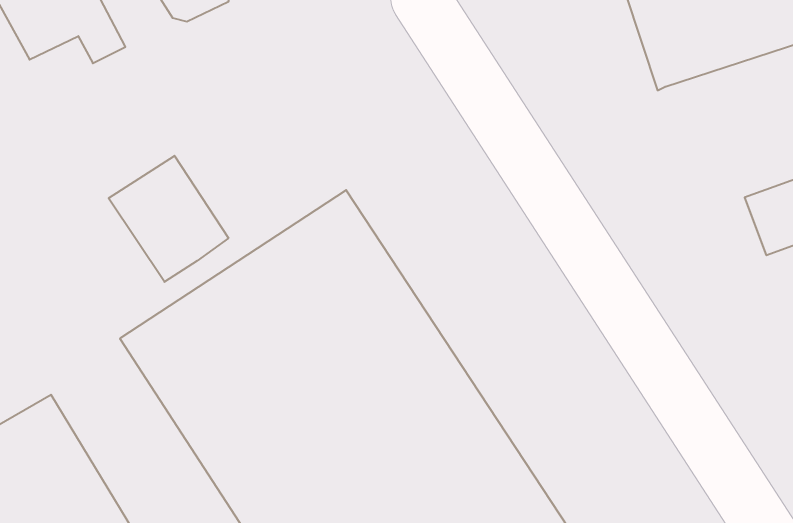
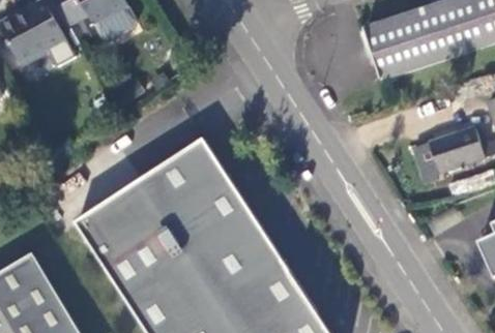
building: [109,156,228,282] -> none

